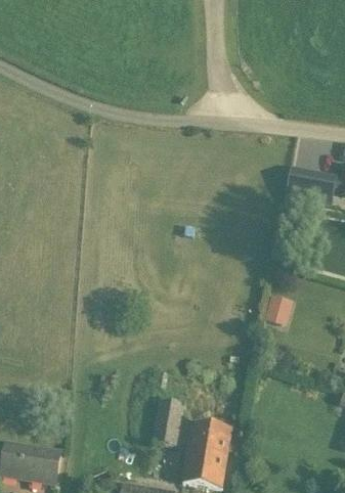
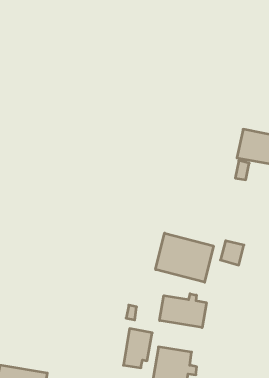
building: none -> [156,233,213,282]
building: none -> [160,294,206,328]

